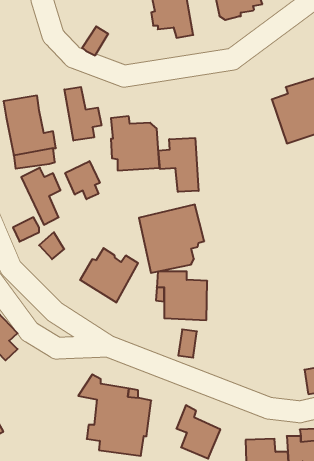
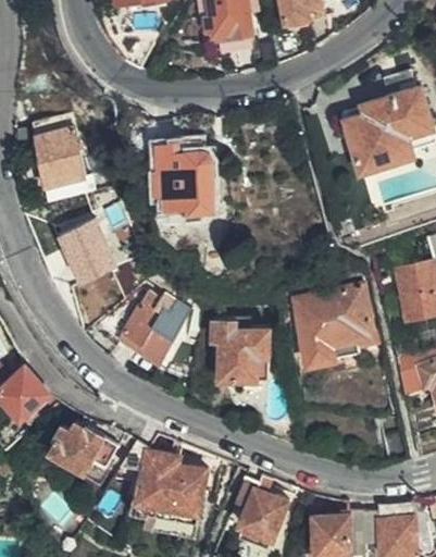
building: [64,87,101,141] -> none
building: [158,138,199,192] -> none
building: [65,161,100,199] -> none
building: [139,205,204,273] -> [294,287,370,367]
building: none -> [51,421,116,471]

